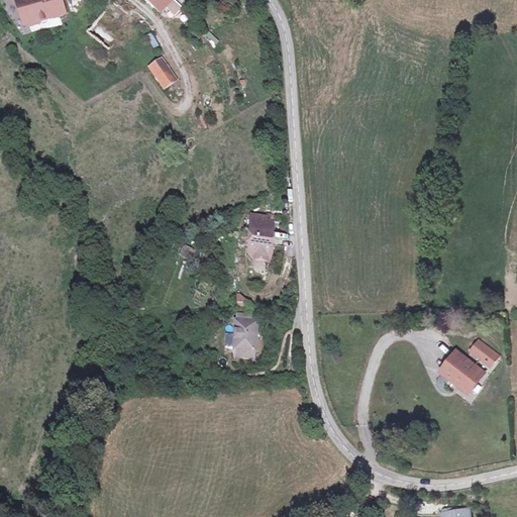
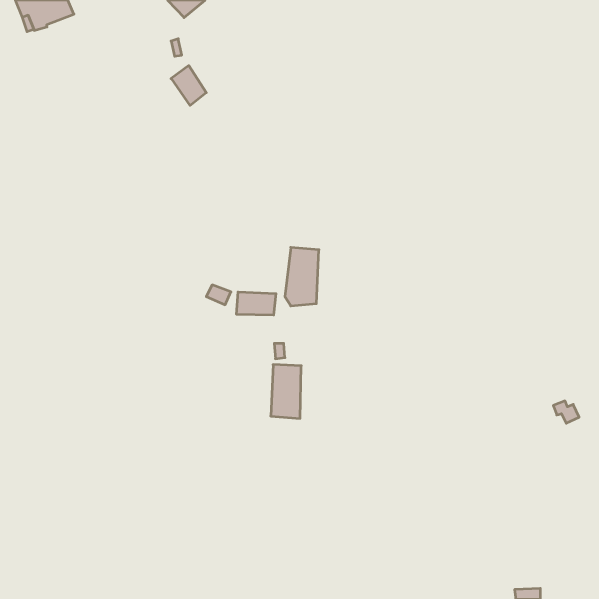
building: none -> [237,292,276,315]
building: [437,341,477,384] -> none

